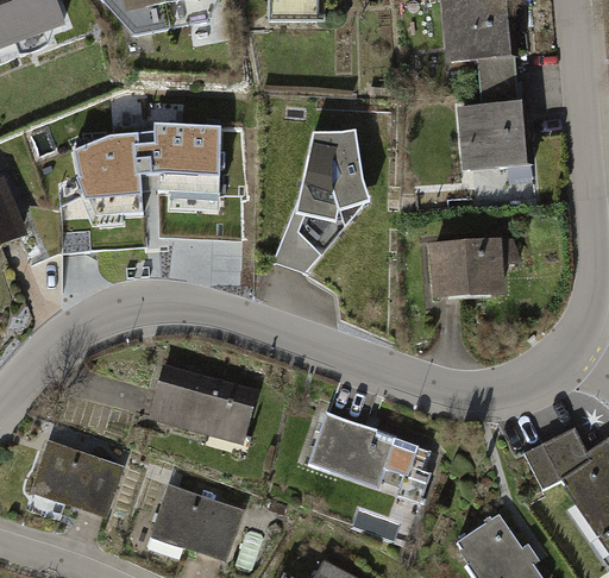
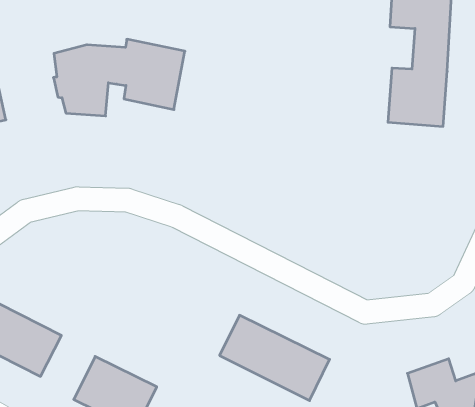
building: [272,134,368,274] -> none
building: [431,237,501,300] -> none
building: [153,366,260,442] -> none

